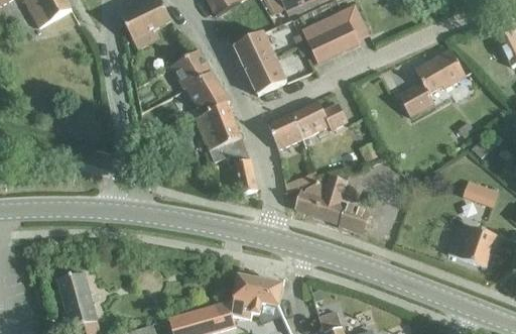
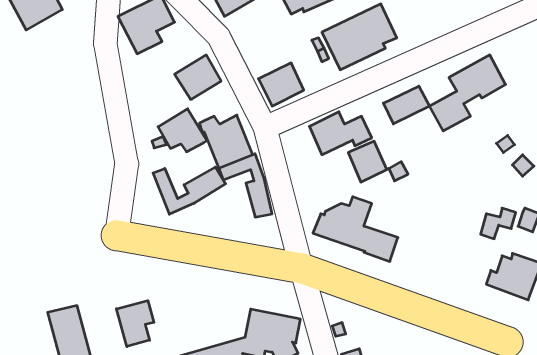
building: [233,32,274,71] -> none
building: [185,73,229,111] -> [158,109,207,152]
building: none -> [383,86,430,124]
building: [267,113,301,149] -> [348,141,387,182]
building: none -> [153,167,226,214]
building: none -> [116,301,154,347]

